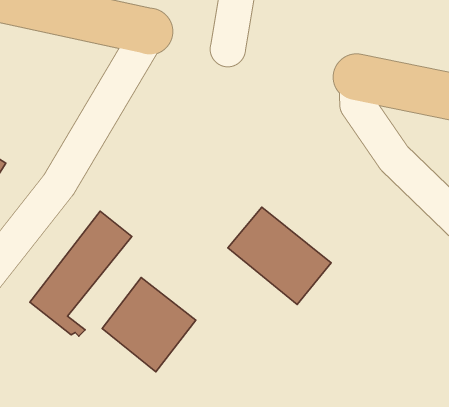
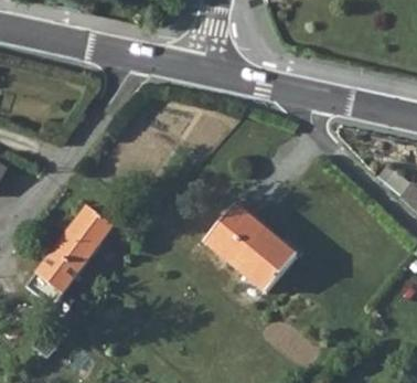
building: [102,277,196,372] -> none

